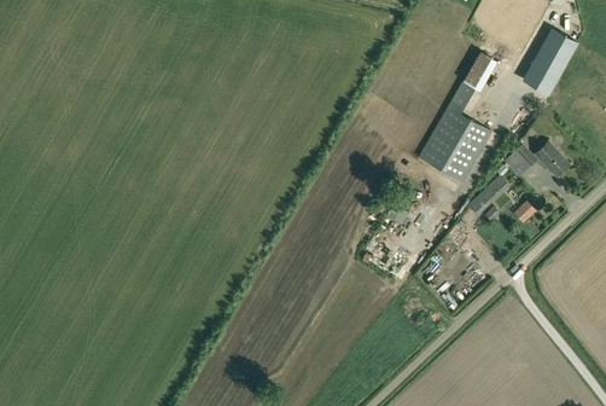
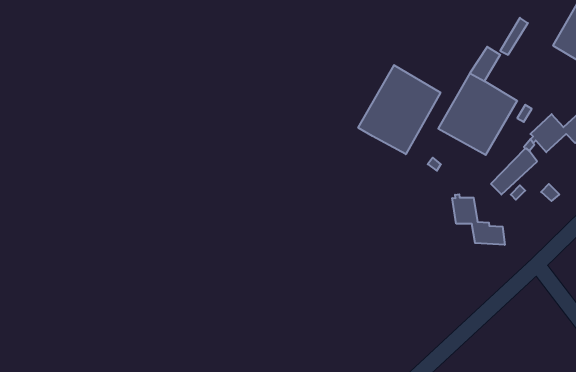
building: none -> [358,65,440,154]
building: none -> [452,194,505,245]

